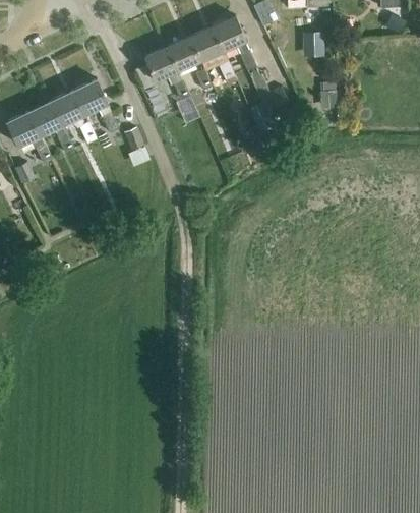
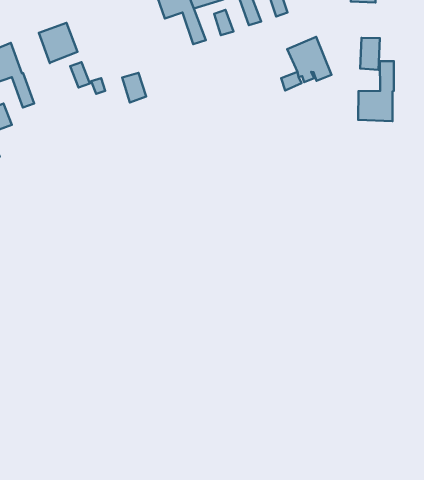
building: [73,79,118,133] -> none
building: none -> [358,61,394,121]
building: [28,101,74,154] -> none

